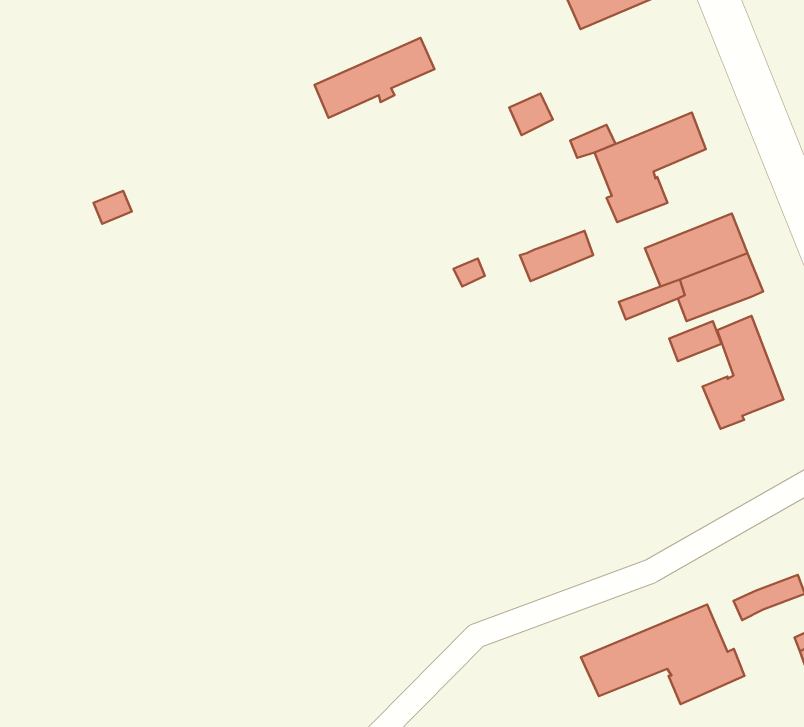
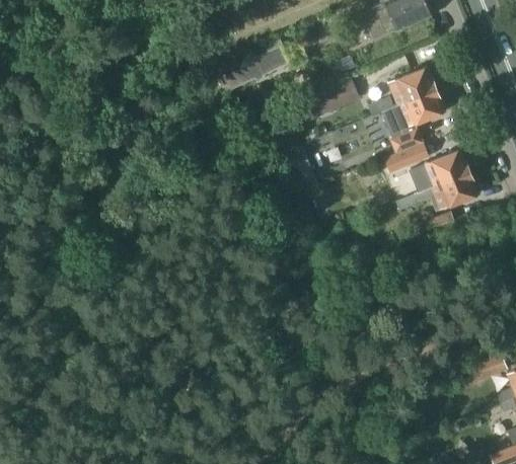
building: none -> [389,65,439,105]
building: [520,231,593,281] -> [387,142,430,171]
building: [703,316,784,429] -> none
building: [581,605,745,704] -> none

